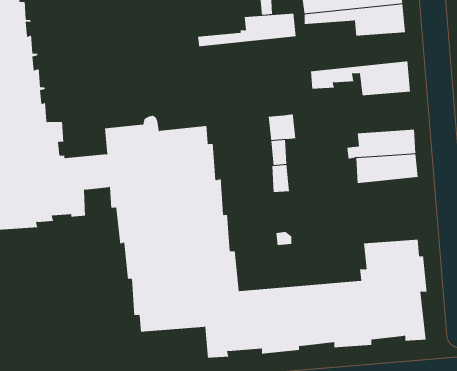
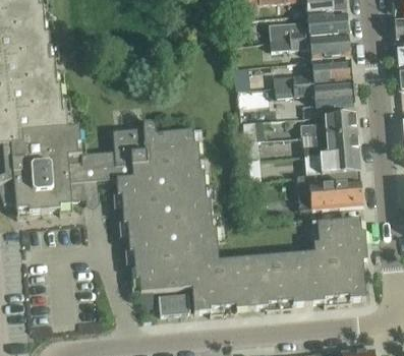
building: [197,13,297,47] -> [274,59,352,85]
building: none -> [301,112,357,135]
building: none -> [296,169,362,210]
building: none -> [158,293,189,314]

